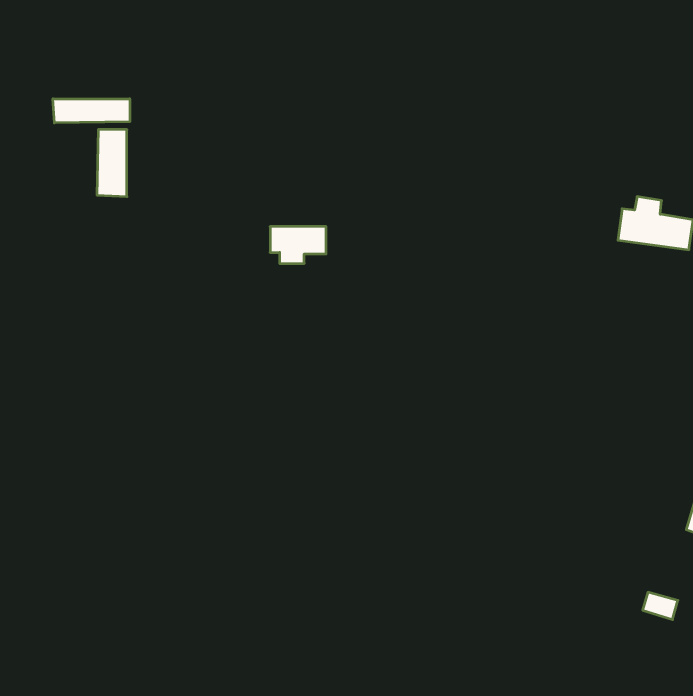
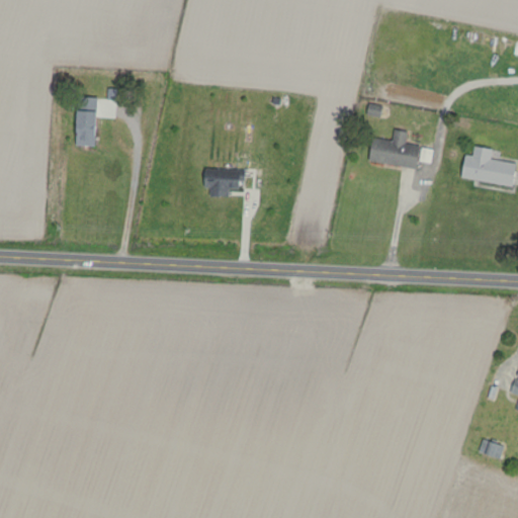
building: [53,99,130,123] -> none
building: none -> [368,130,422,170]

